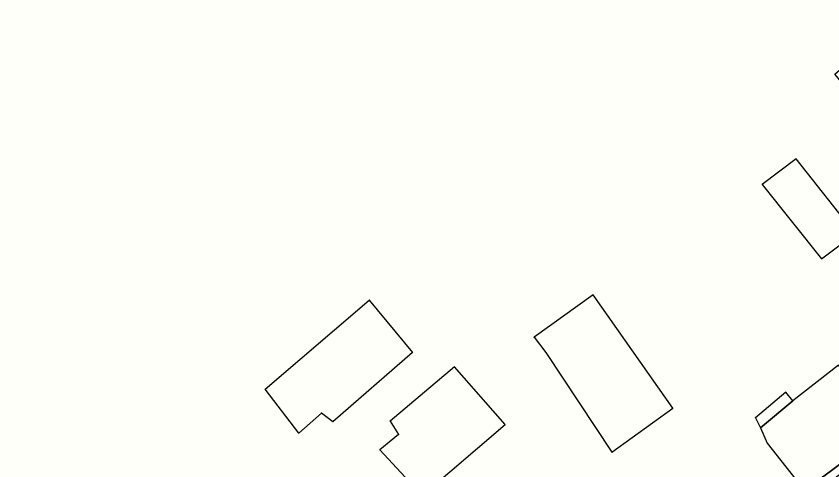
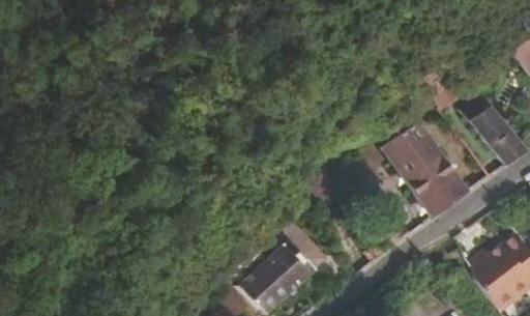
building: [534,295,673,452] -> [384,124,469,221]
building: [265,300,412,433] -> none

